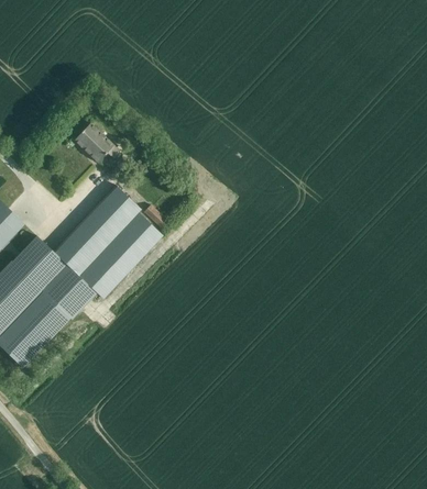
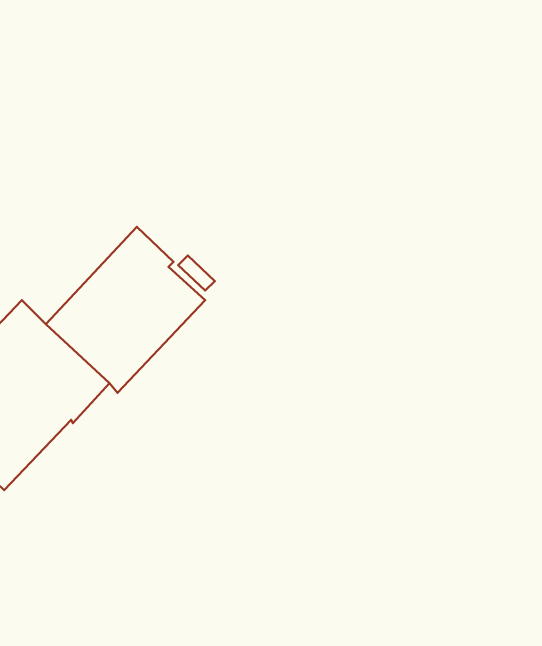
building: [74,123,120,163] -> none

